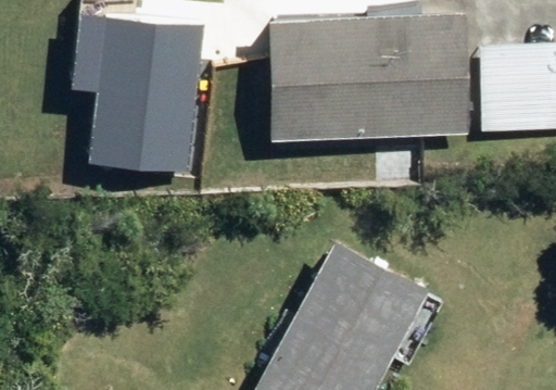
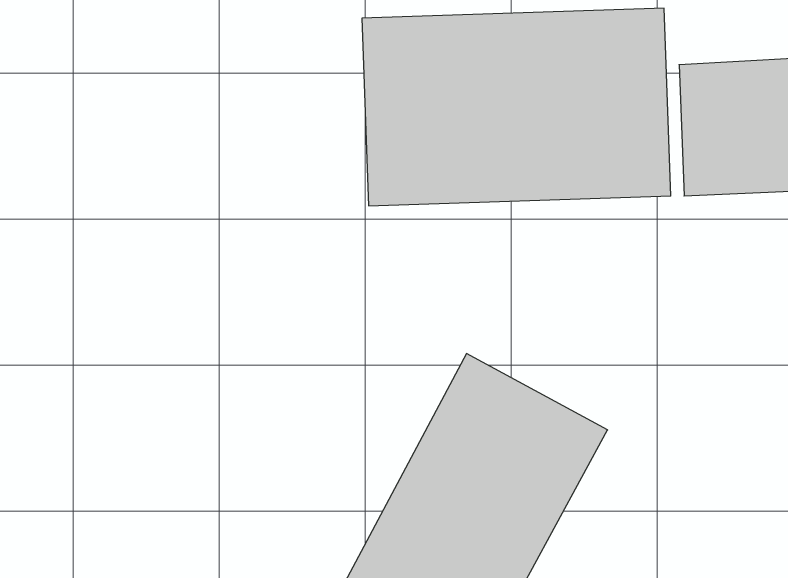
building: [73,21,200,177] -> none

